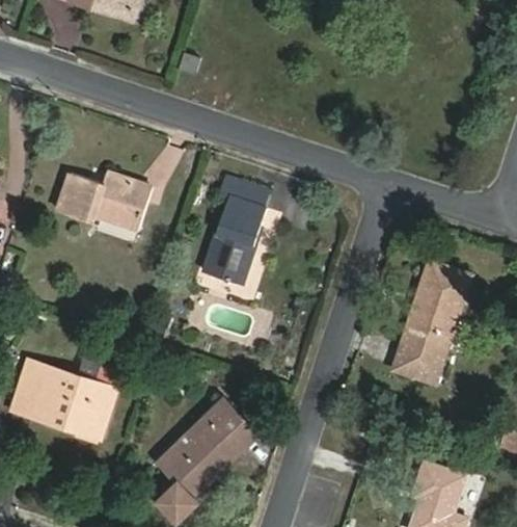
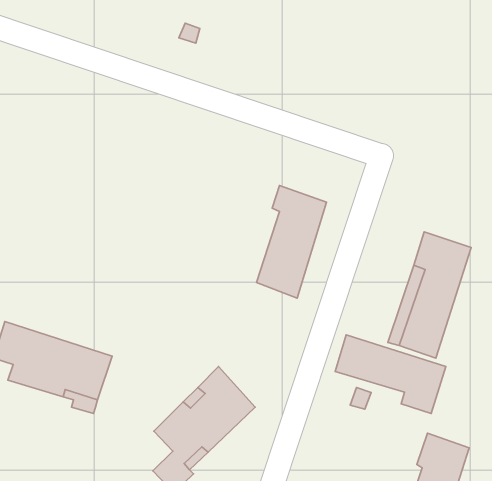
building: [55,172,156,232] -> none
building: [203,175,273,287] -> [256,185,326,298]
building: none -> [335,335,446,414]

